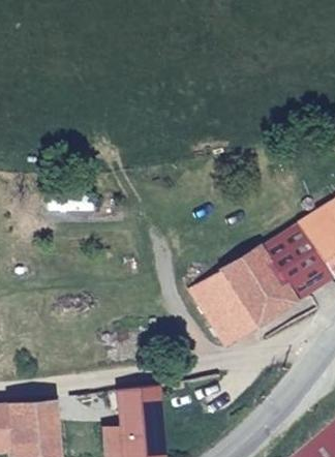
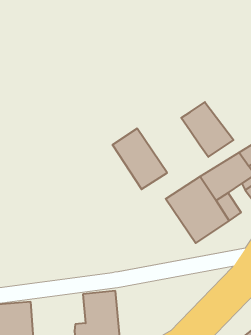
building: none -> [181,102,233,157]
building: [188,273,254,346] -> [112,129,167,189]

